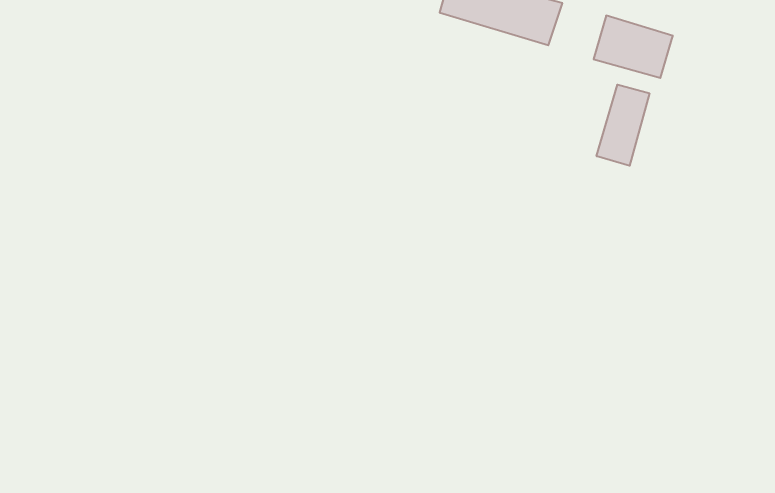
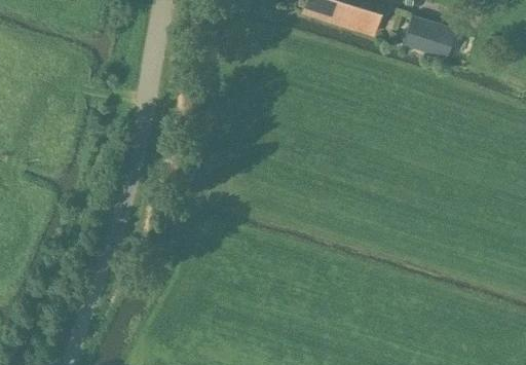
building: [597,85,649,166] -> none

